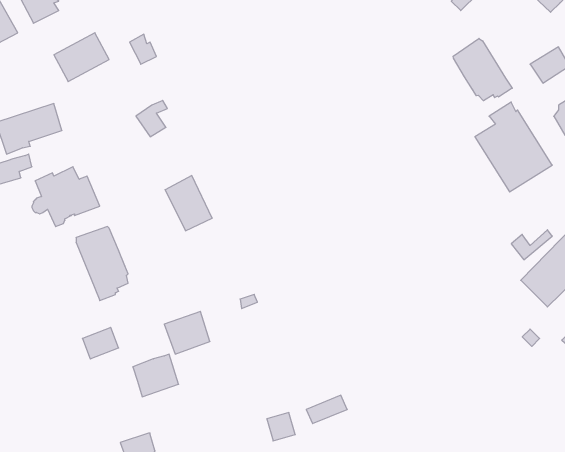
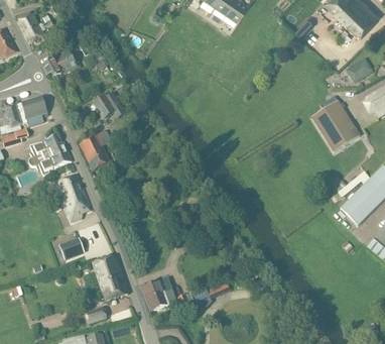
building: [453,38,512,101] -> none
building: [165,176,212,231] -> [80,133,110,168]
building: [164,311,210,354] -> [99,274,128,302]
building: none -> [141,279,176,310]

